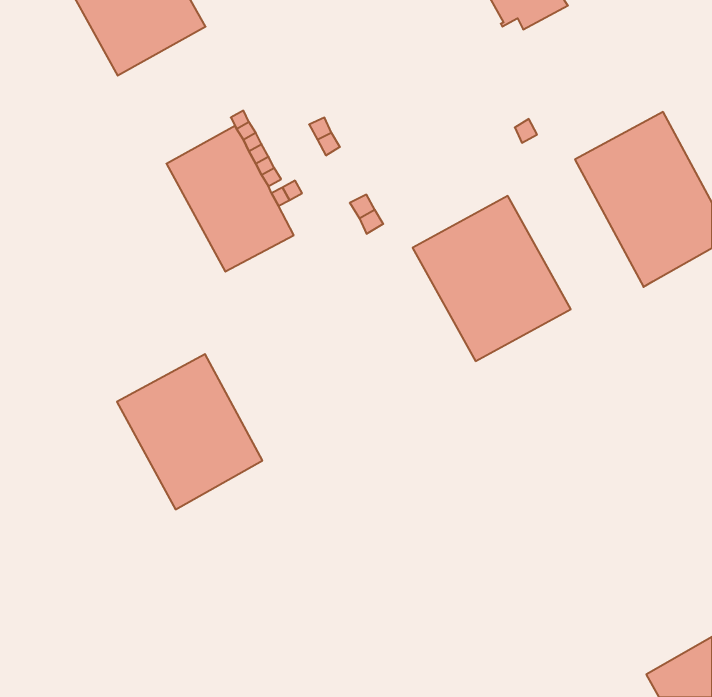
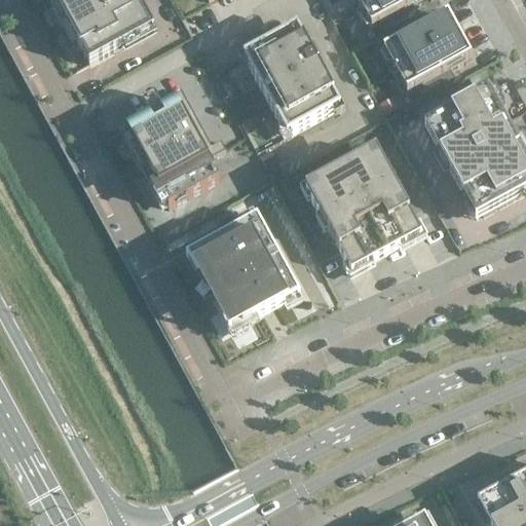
building: none -> [381,6,468,85]
building: none -> [246,18,338,125]
building: [117,354,262,509] -> [190,209,297,323]

